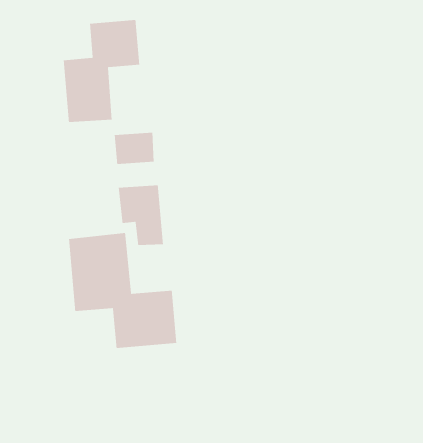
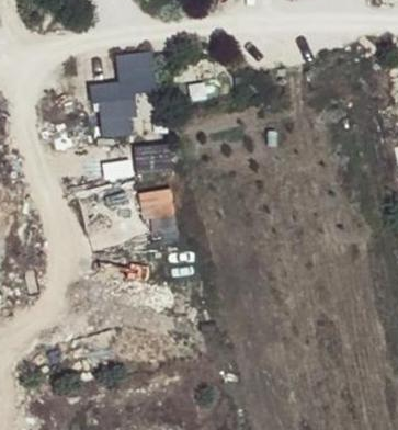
building: [68,232,177,349] -> none

